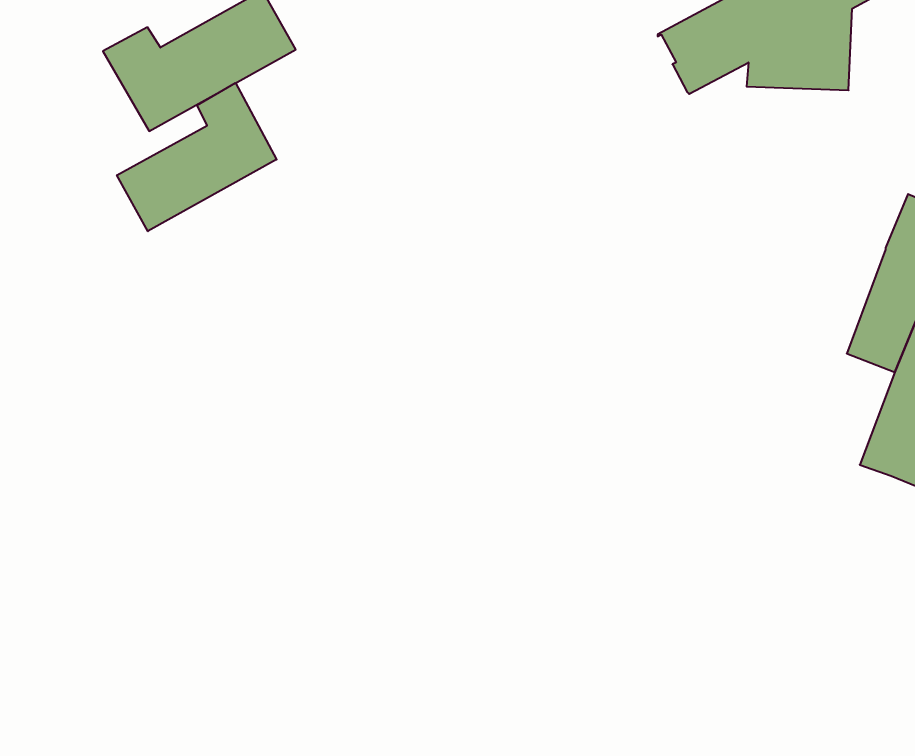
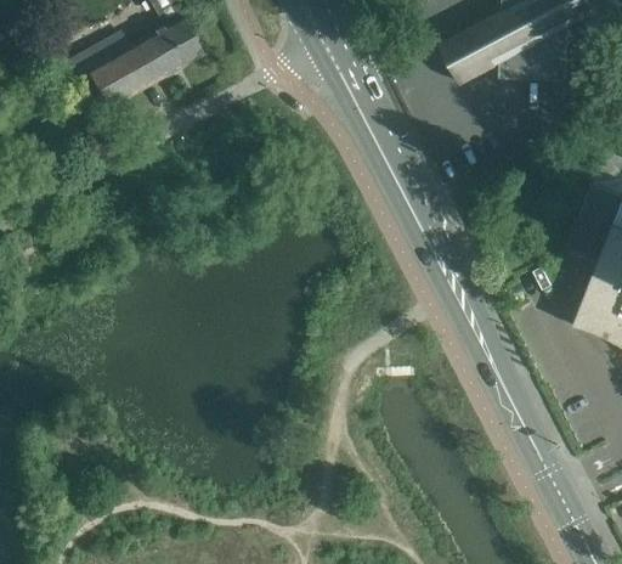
building: [117,83,277,231] -> none

